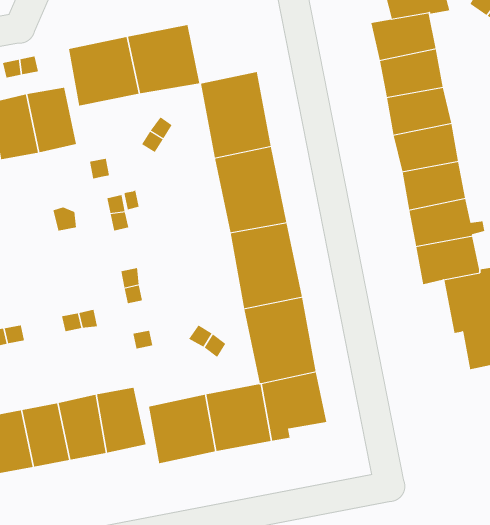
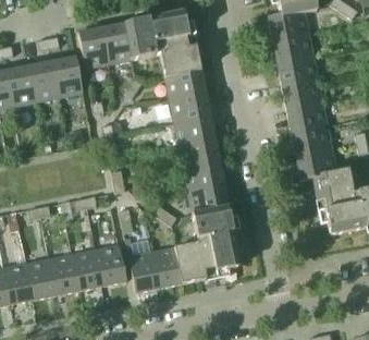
building: none -> [153,11,197,53]

